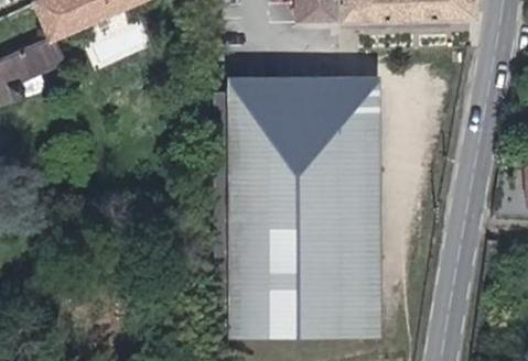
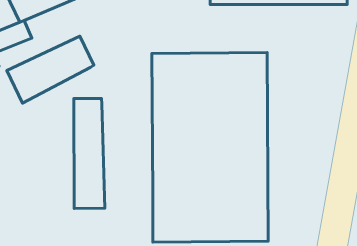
building: none -> [7,36,94,103]
building: none -> [74,98,105,208]

